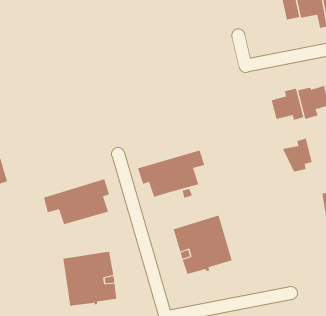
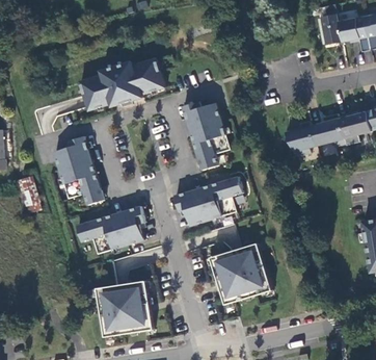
building: none -> [79,59,165,111]
building: none -> [182,102,230,171]
building: none -> [54,136,103,205]
building: [282,138,313,172] -> [285,121,316,156]

